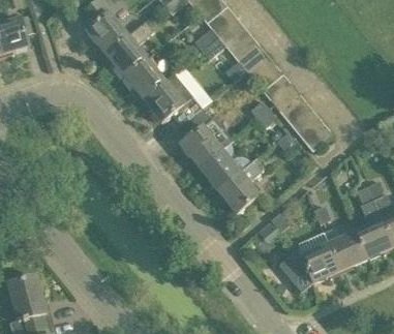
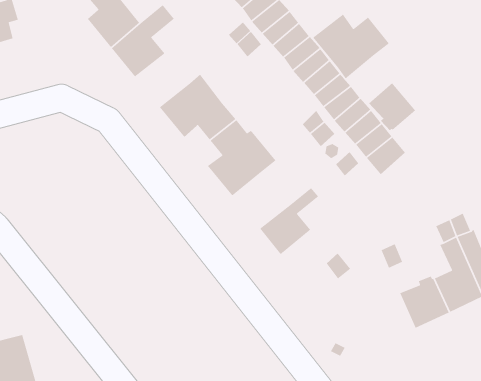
building: none -> [312,13,390,79]
building: [122,57,164,98] -> none
building: none -> [368,82,416,131]
building: [198,148,242,192] -> none
building: [277,242,339,291] -> none

